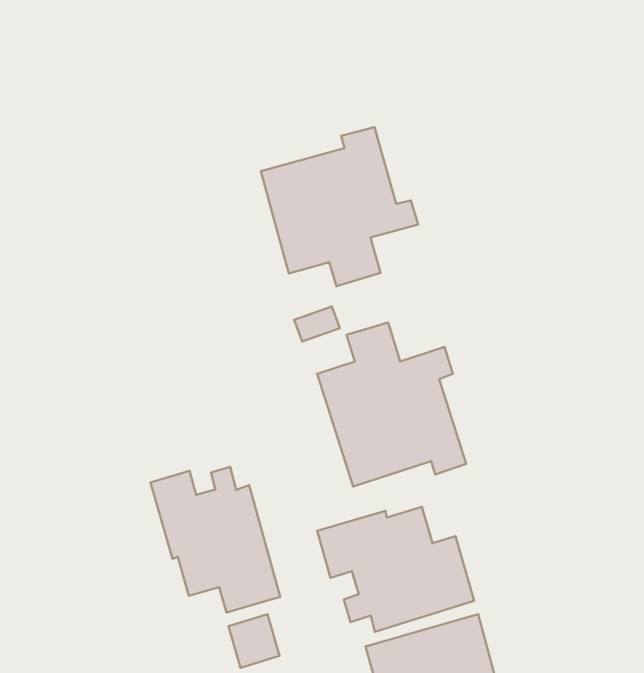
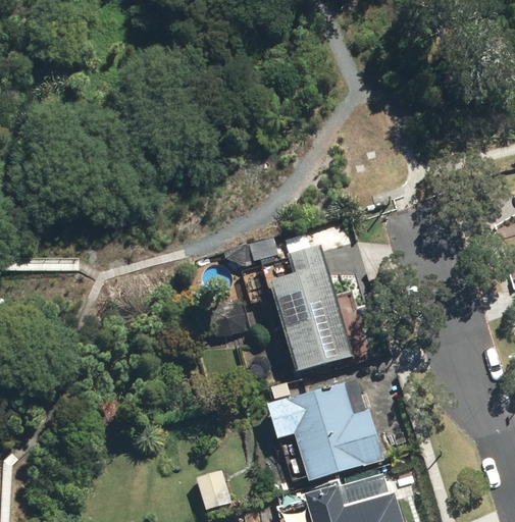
building: [261,127,418,286] -> none
building: [150,467,280,613] -> none

